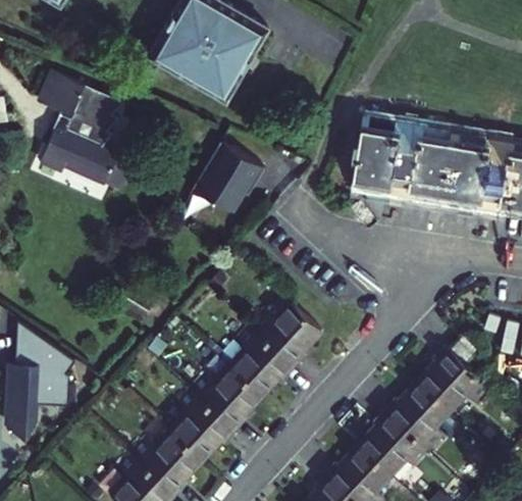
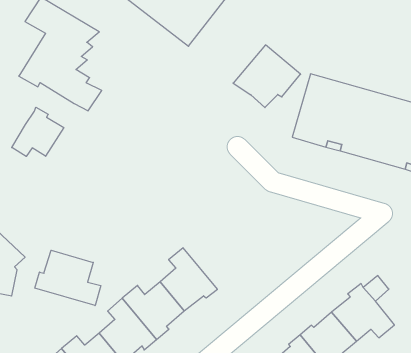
building: [197,146,270,215] -> [233,45,301,108]
building: none -> [12,107,64,156]
building: [248,305,319,370] -> none
building: none -> [35,250,101,306]

